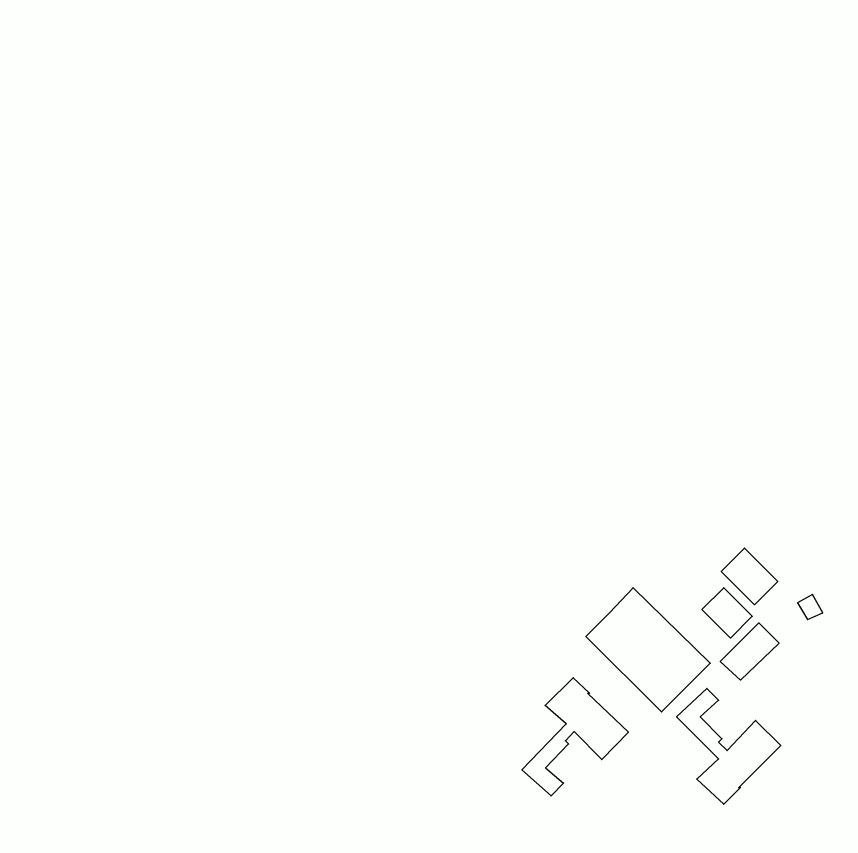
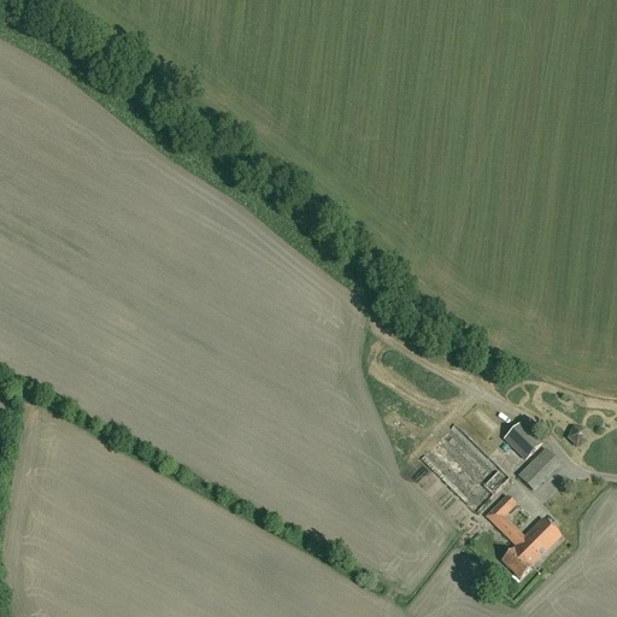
building: [721,548,778,605] -> none
building: [522,678,628,796] -> none

